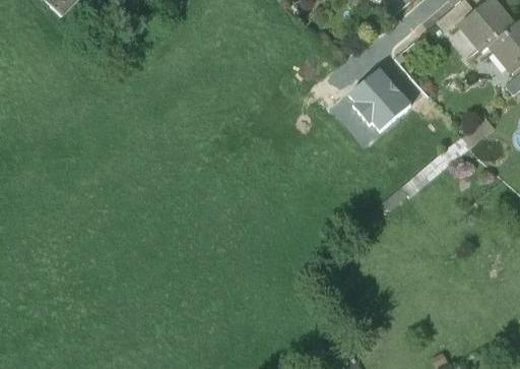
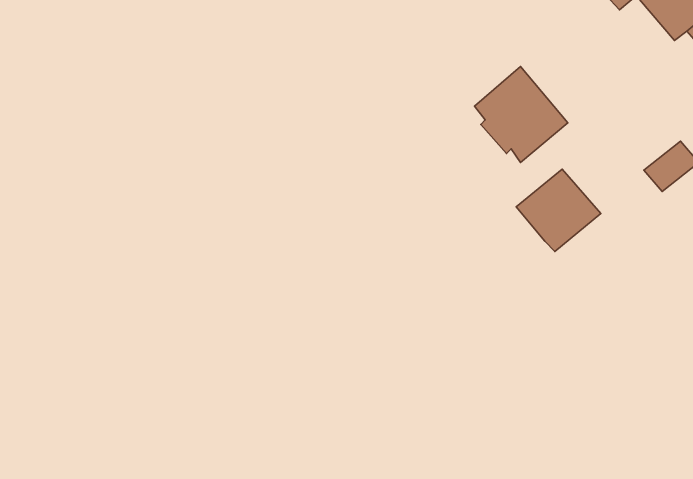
building: none -> [516,169,601,251]

